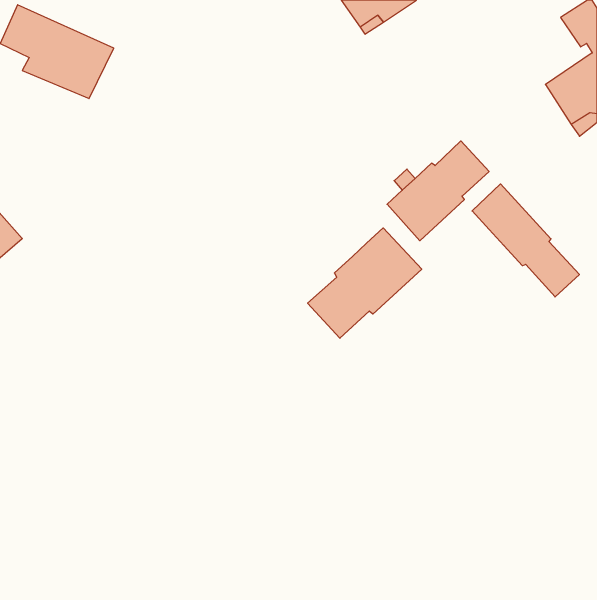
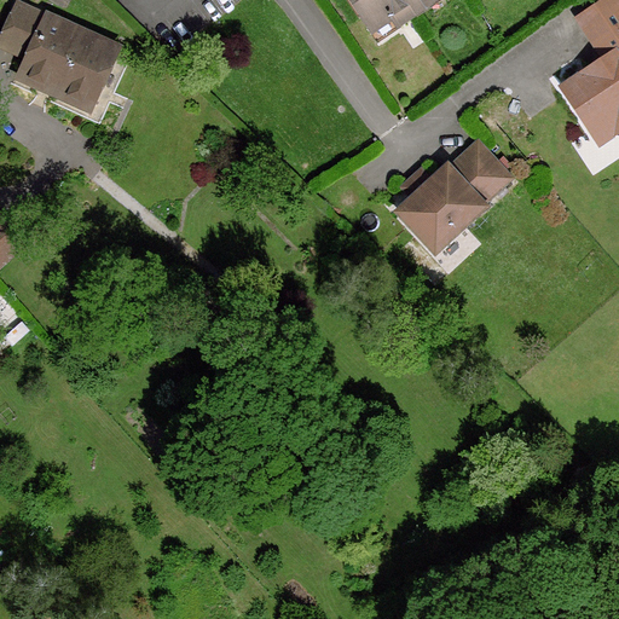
building: [472,184,579,297] -> none
building: [308,228,422,338] -> none

